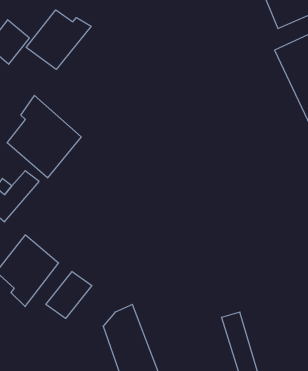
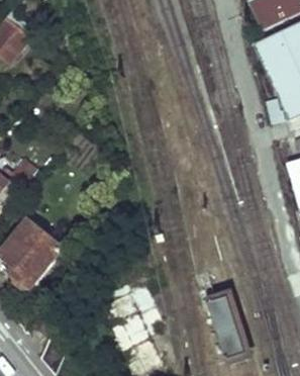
building: [26,10,91,69] -> none
building: [7,95,81,178] -> none
building: [46,271,92,318] -> none

